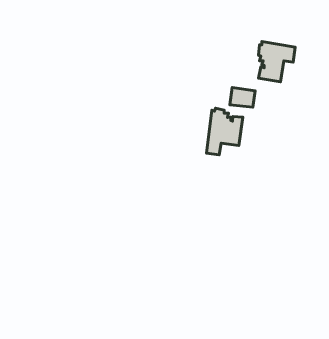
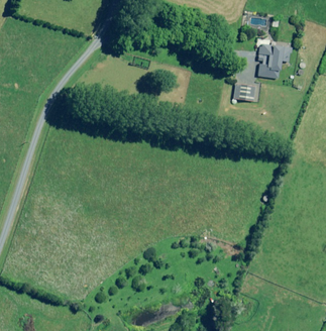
building: [207,108,243,155] -> none

